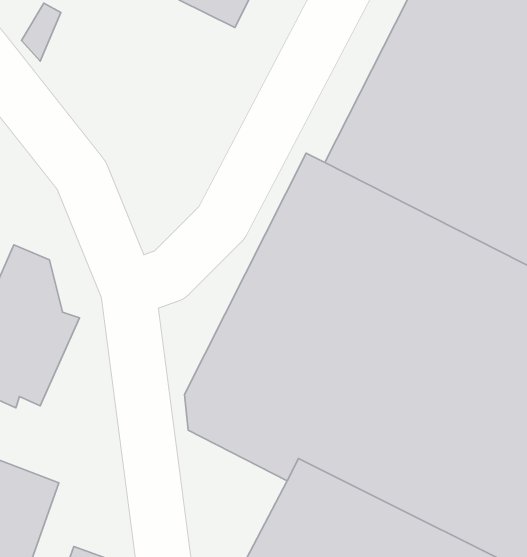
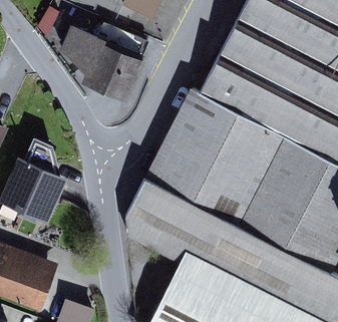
building: none -> [61,23,149,102]

